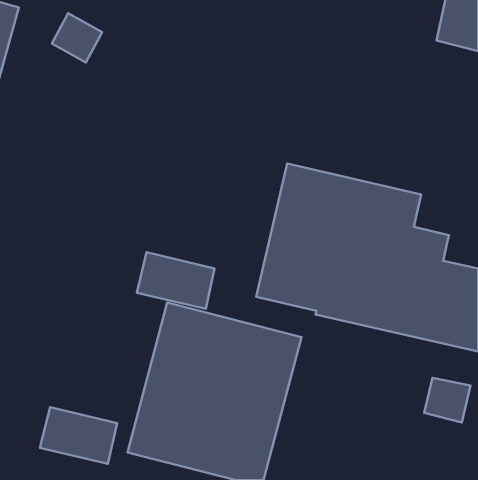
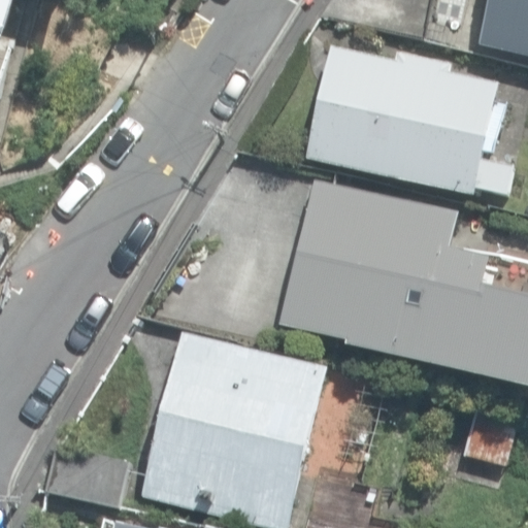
building: none -> [304,46,512,195]

